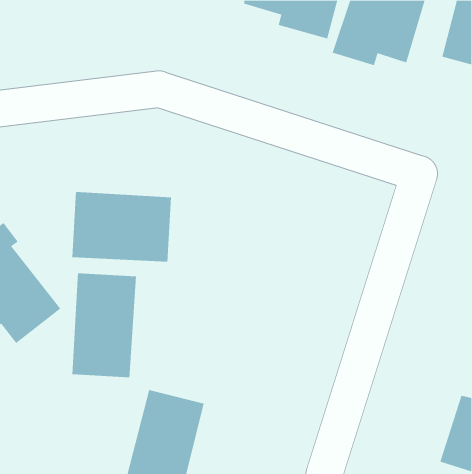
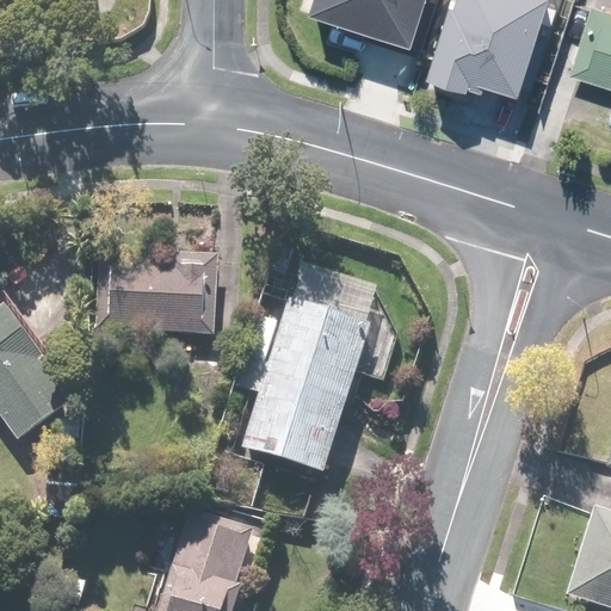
building: none -> [236,246,397,471]
building: [72,272,136,378] -> none

